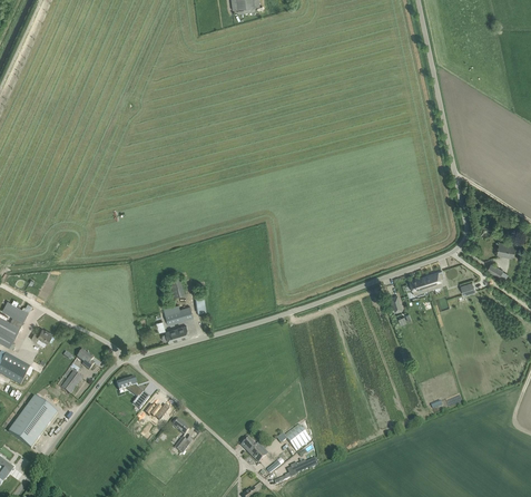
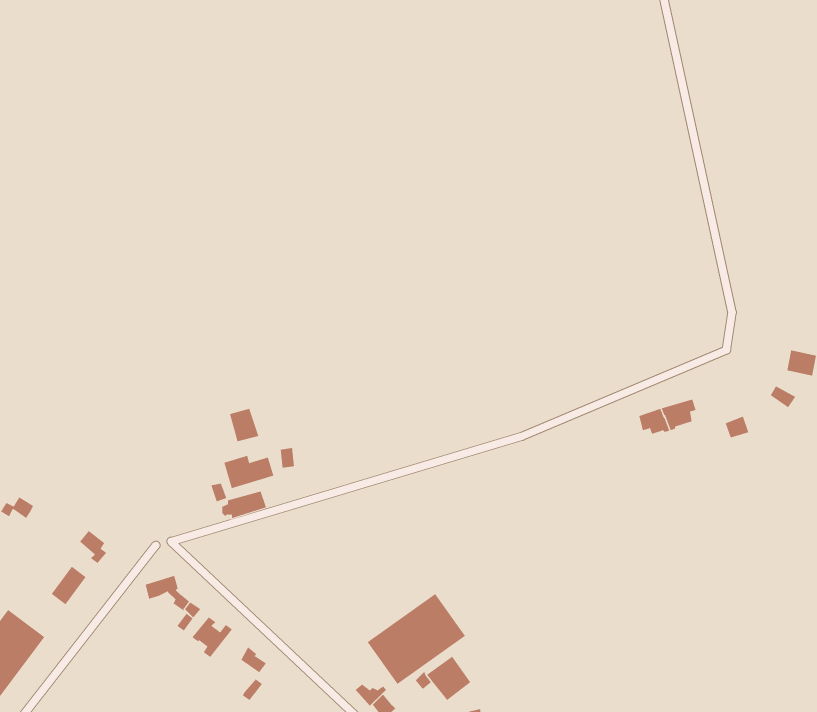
building: none -> [367,593,466,685]

